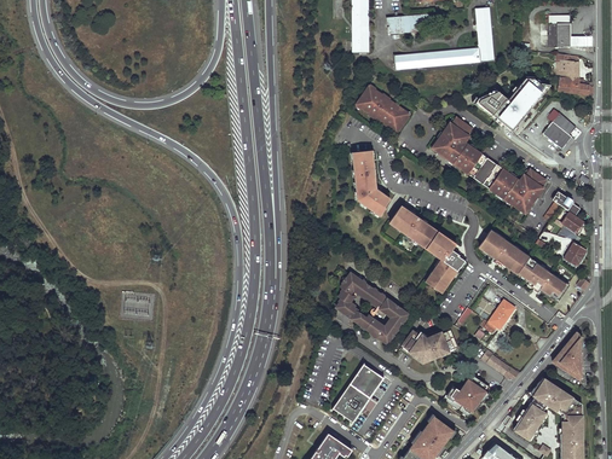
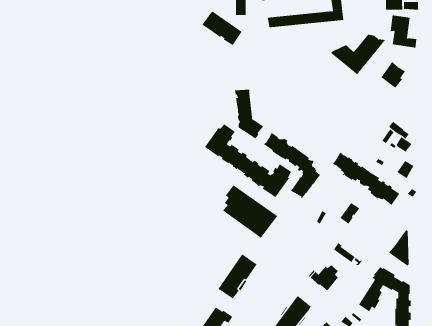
building: [356,86,409,132] -> [201,10,242,46]
building: [431,117,544,214] -> [204,123,292,198]
building: [402,330,457,360] -> none

